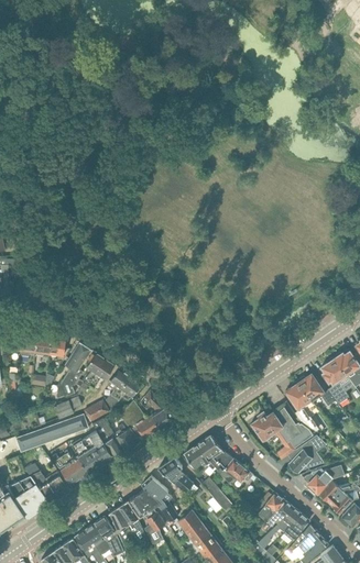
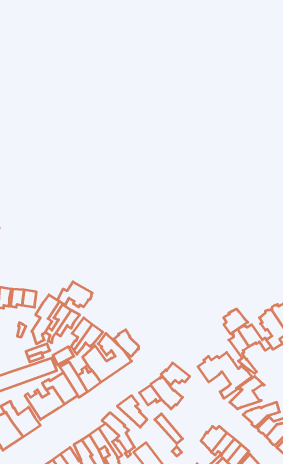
building: none -> [57,282,92,307]
building: none -> [224,309,248,334]
building: none -> [114,330,139,356]
building: [219,459,252,484] -> [161,363,190,385]

